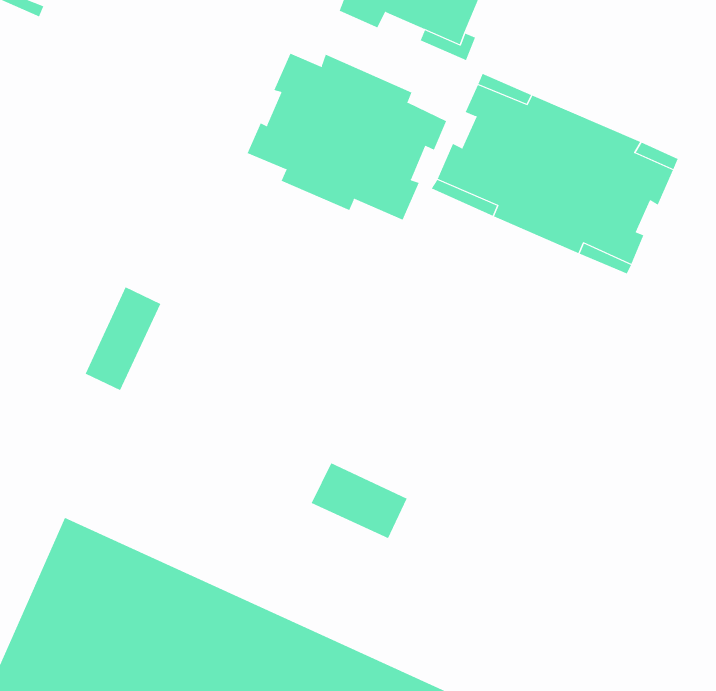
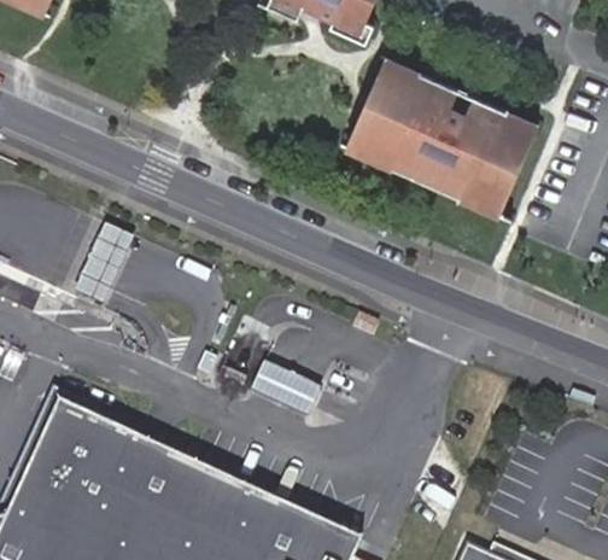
building: [247,53,447,220] -> none

